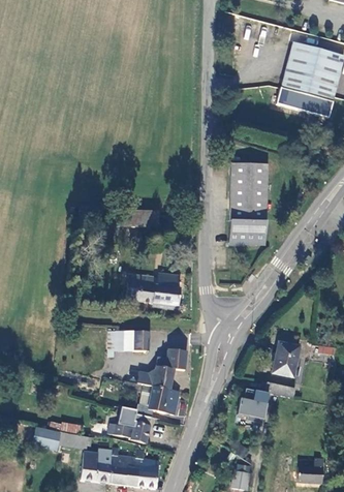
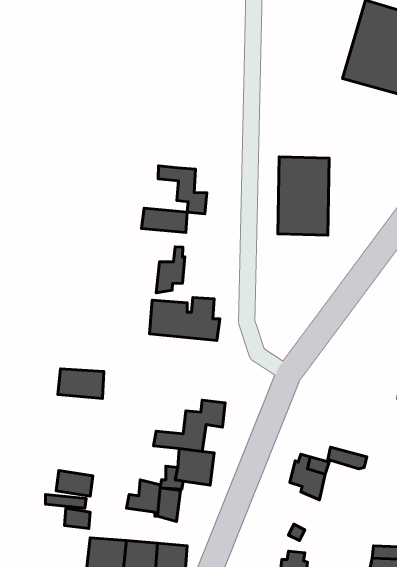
building: none -> [158,166,207,214]
building: [228,221,267,242] -> none
building: none -> [156,247,185,293]
building: [116,329,151,351] -> [58,369,104,398]
building: [270,342,299,374] -> none
building: [33,429,61,449] -> [56,471,93,496]

